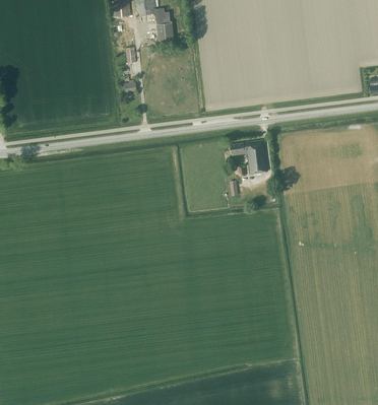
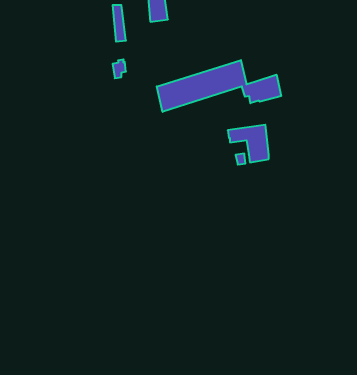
building: none -> [157,60,281,112]

